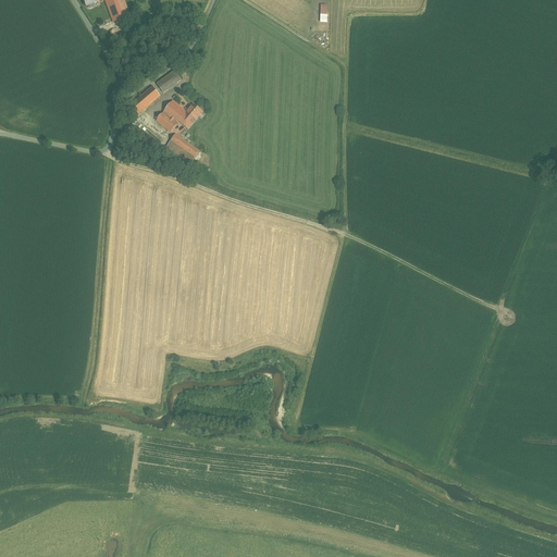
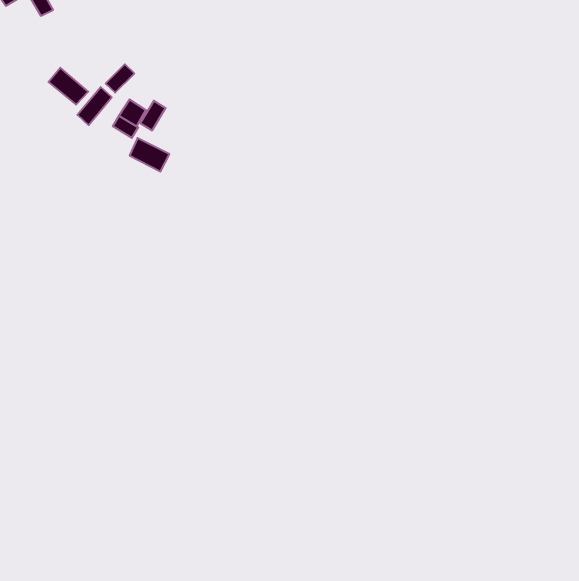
building: none -> [48,68,88,105]

